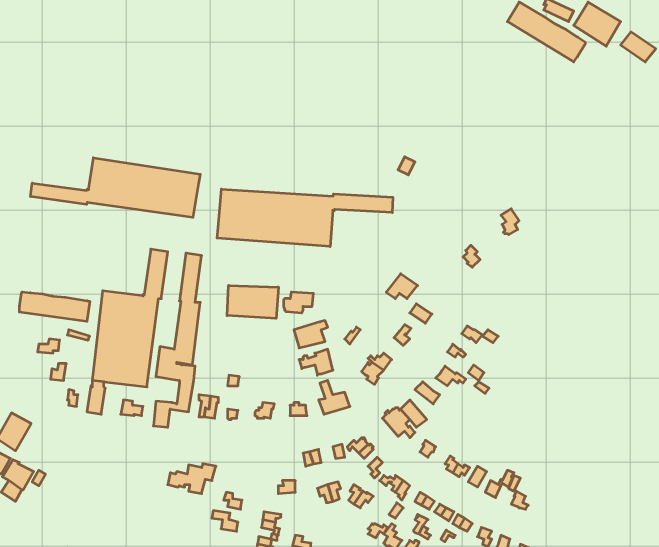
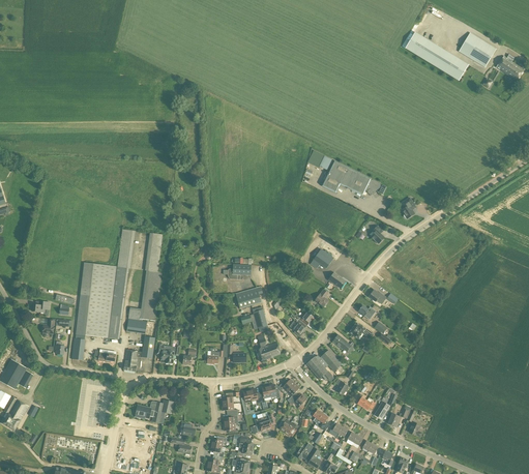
building: [31,158,200,217] -> none
building: none -> [320,159,379,195]
building: [217,189,393,247] -> none
building: [227,285,278,318] -> none
building: [19,292,90,321] -> none

